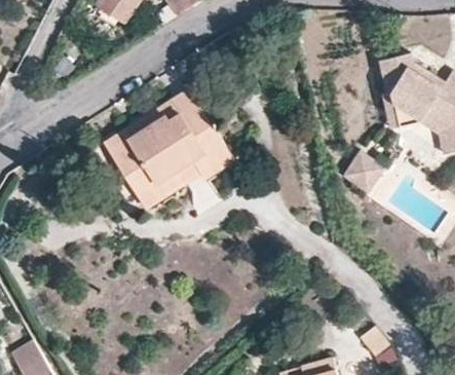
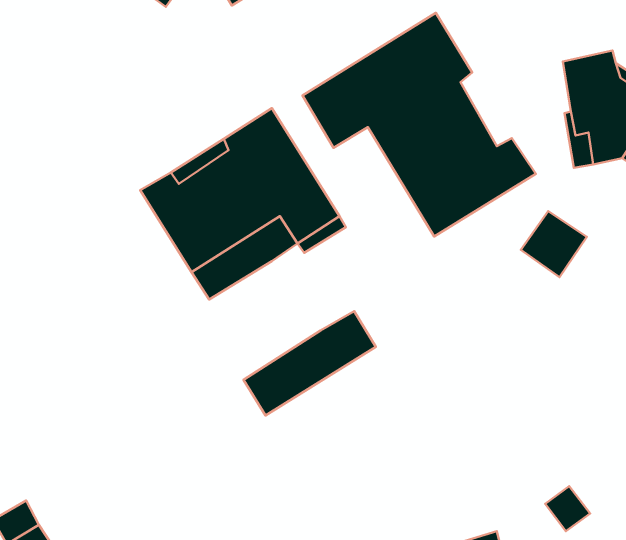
building: none -> [302,13,536,237]
building: none -> [244,311,376,416]

